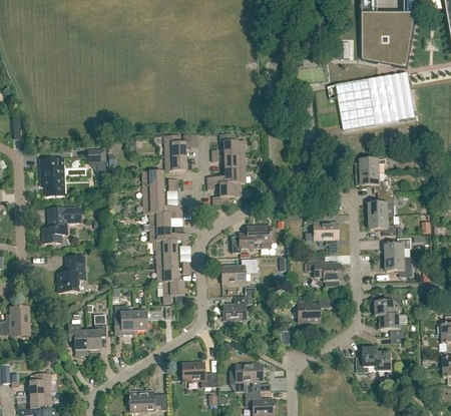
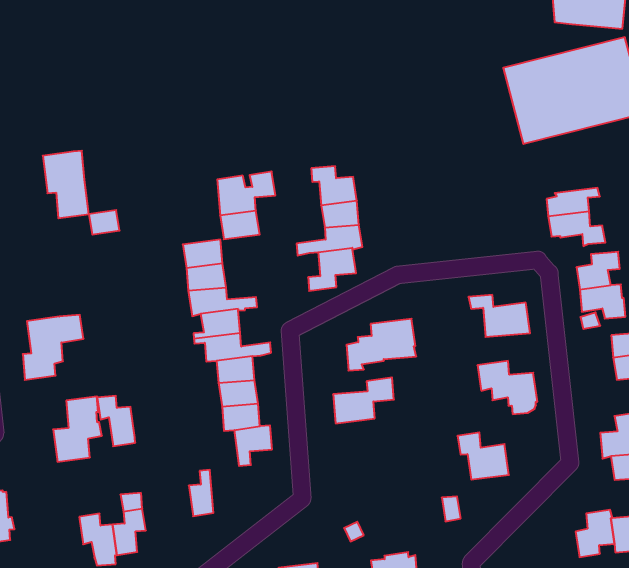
building: [40,157,64,195] -> [43,151,89,218]
building: [222,296,248,320] -> none
building: [114,305,134,334] -> [97,396,135,446]

